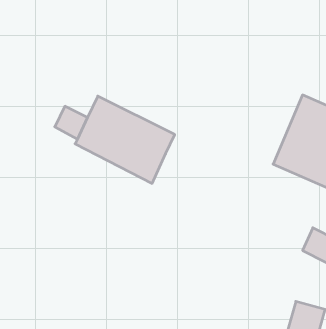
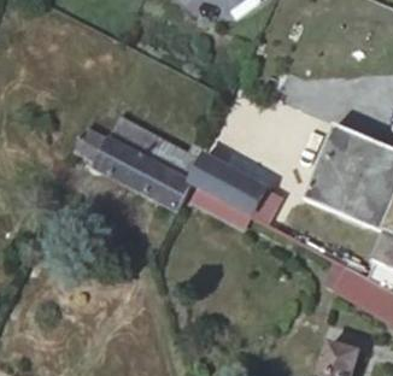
building: none -> [184,154,263,216]

